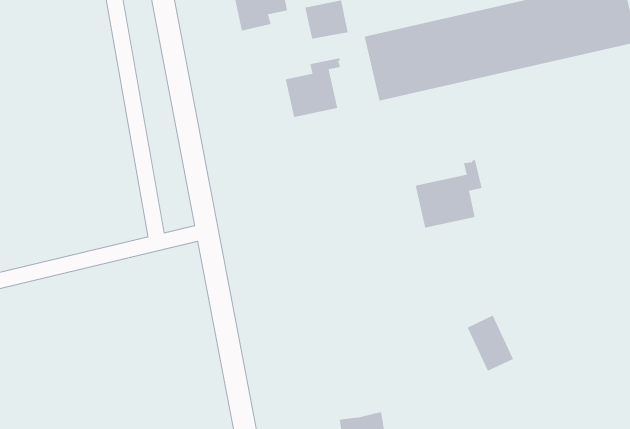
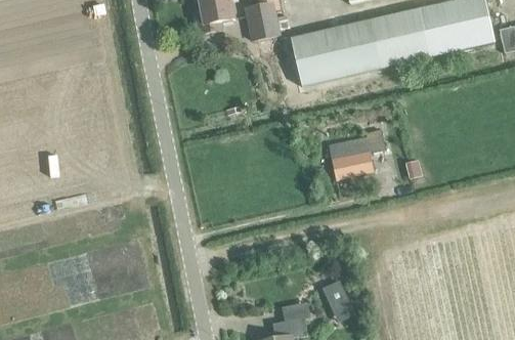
building: [285,58,341,118] -> none
building: [467,315,514,371] -> [323,277,357,318]

